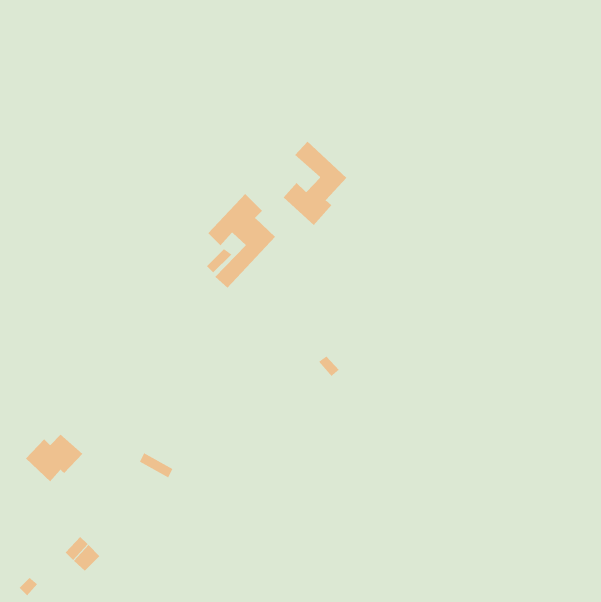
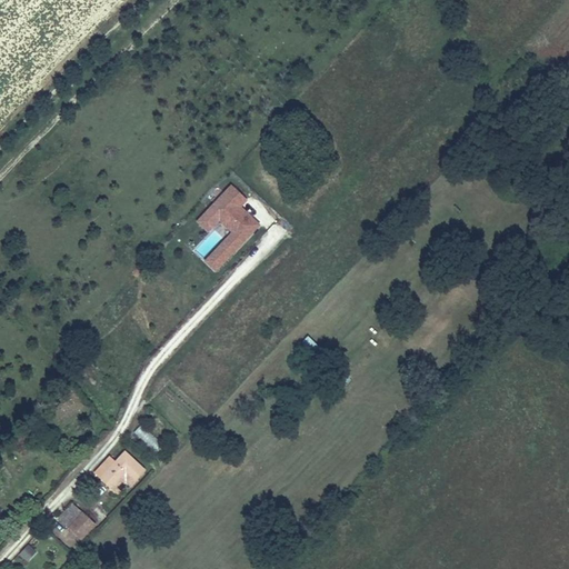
building: [283,141,347,226] -> none
building: [25,434,83,482] -> [91,450,146,496]

